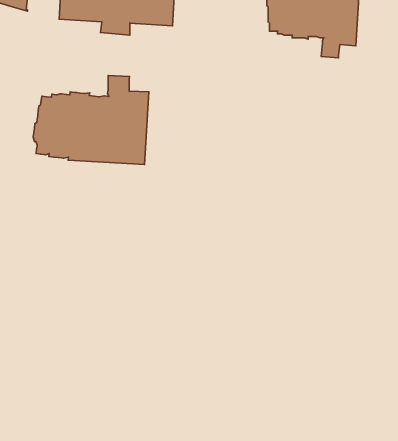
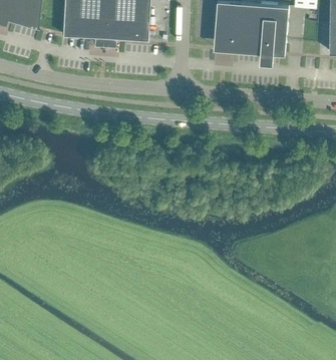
building: [33,75,149,164] -> none

